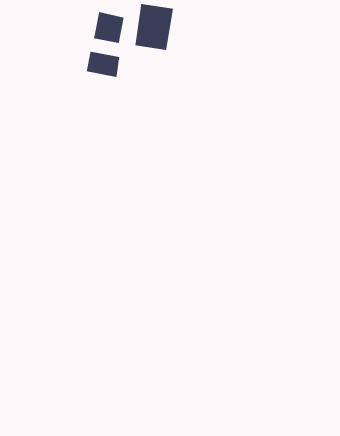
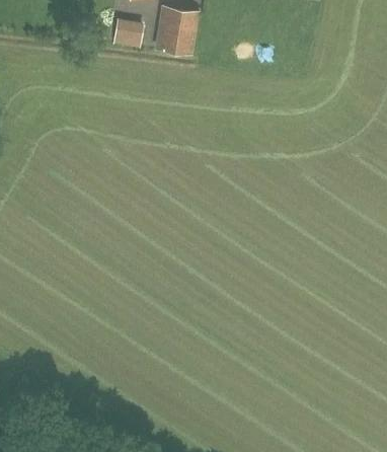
building: [86,51,120,78] -> none

